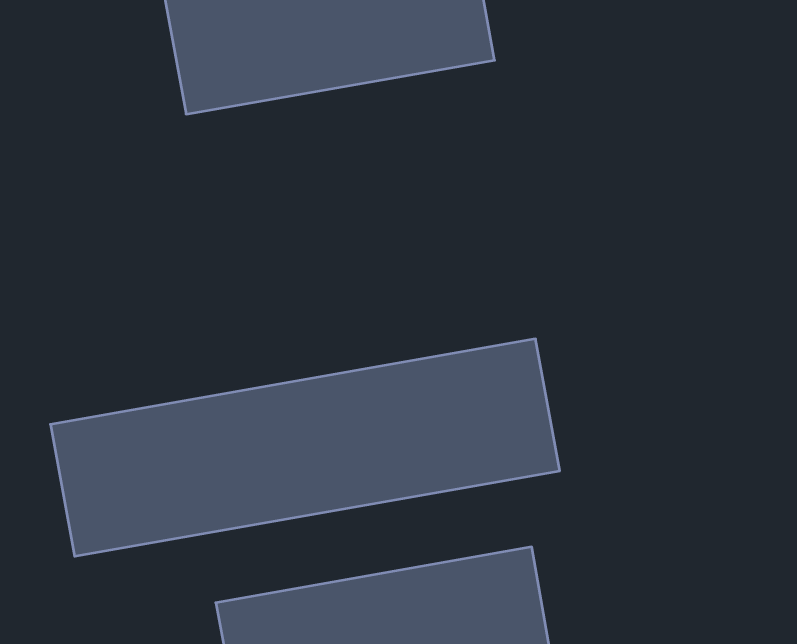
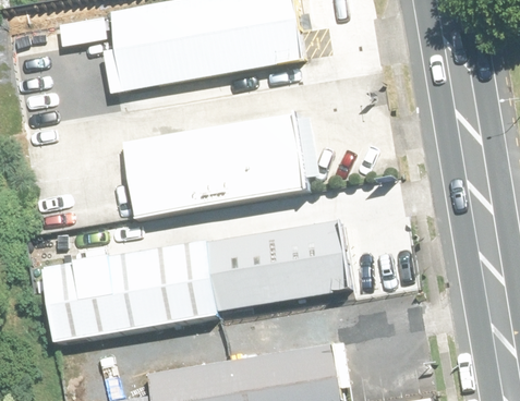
building: none -> [119,112,306,221]

